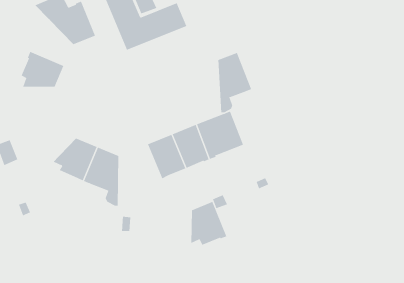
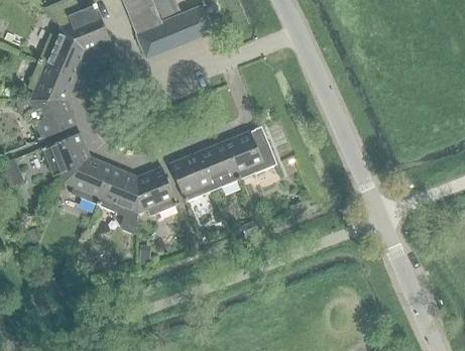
building: none -> [38,23,87,75]
building: [218,52,252,113] -> none
building: none -> [18,99,77,139]
building: none -> [41,131,90,184]
building: [190,201,227,261] -> [137,165,179,232]

